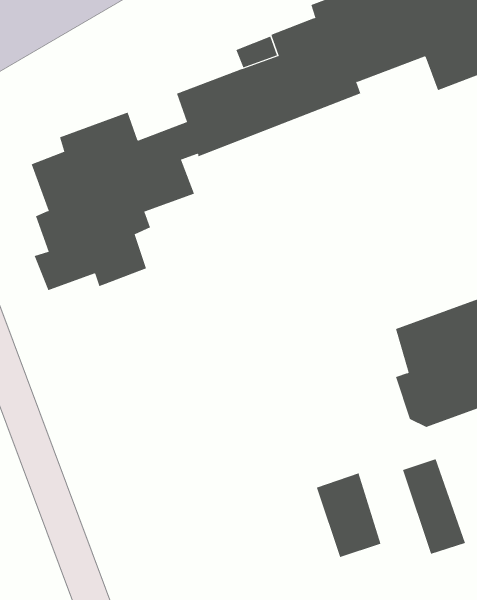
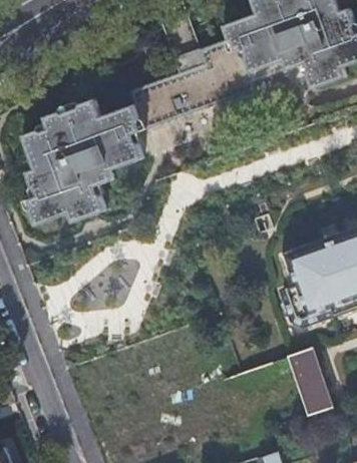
building: [316,473,381,558] -> none

